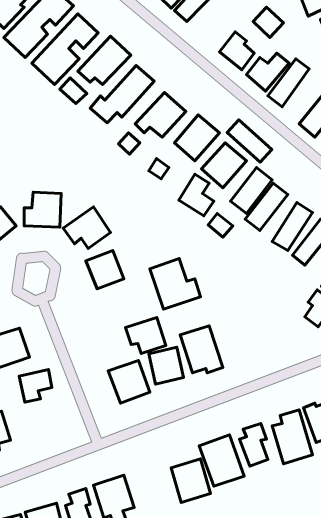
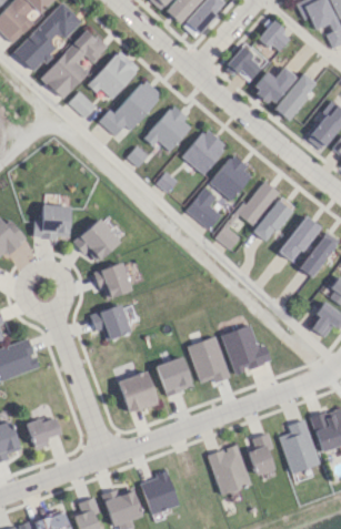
building: [227,120,272,162] -> none
building: [150,259,200,309] -> [221,324,271,374]
building: [125,318,166,353] -> [90,304,130,339]
building: [19,370,52,402] -> [28,416,60,448]
building: [171,459,210,503] -> [140,471,179,515]

